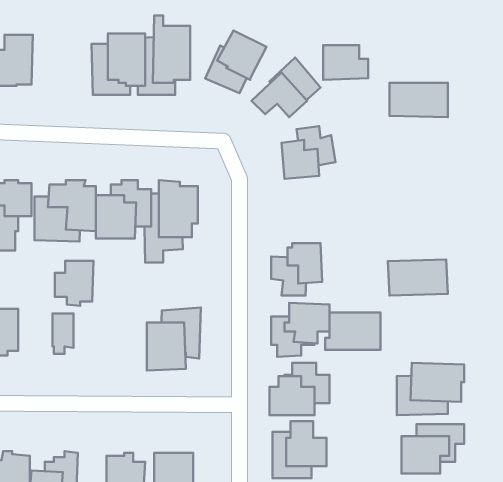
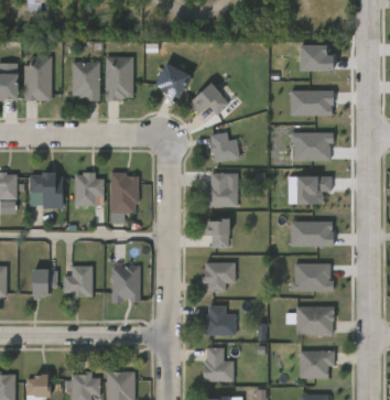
building: none -> [31,50,59,94]
building: [323,45,368,80] -> [297,47,331,73]
building: none -> [290,134,331,163]
building: none -> [213,165,246,199]
building: none -> [293,177,329,206]
building: [55,261,94,306] -> [72,259,100,292]
building: [325,312,380,350] -> [288,266,328,293]

